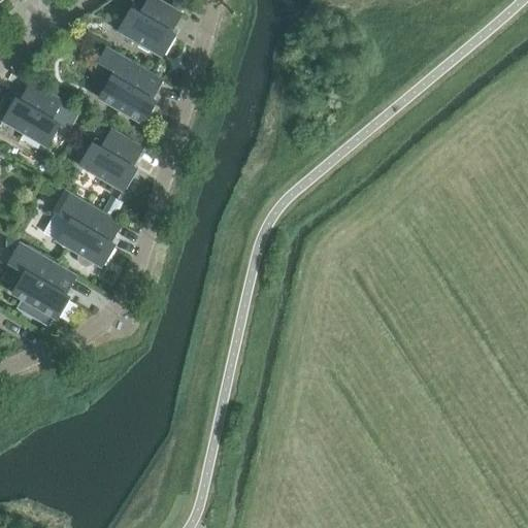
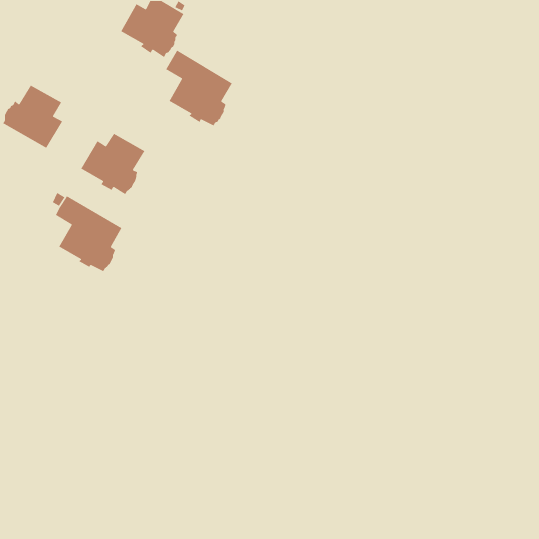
building: [95,47,161,123] -> [165,49,233,126]
building: [8,243,75,325] -> none

